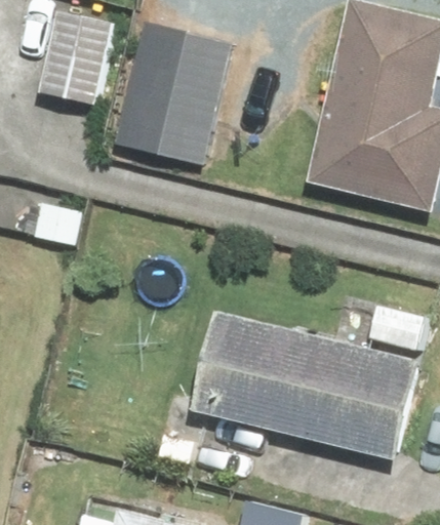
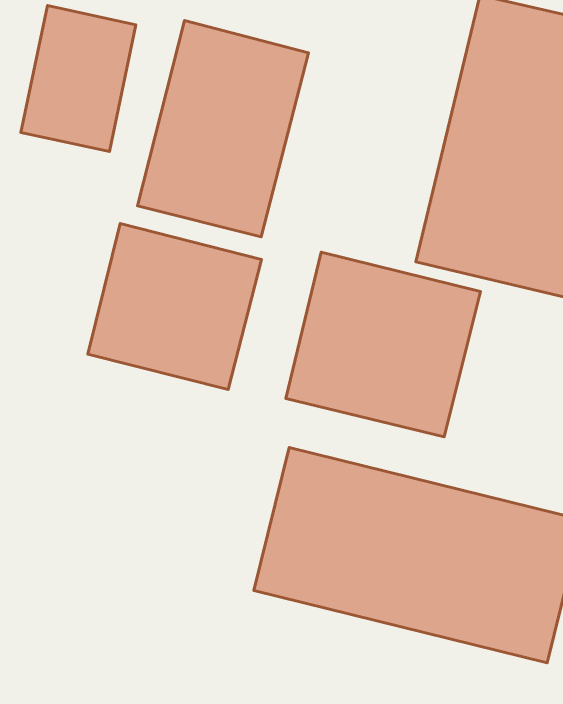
building: none -> [88,224,261,389]
building: none -> [286,252,481,437]

